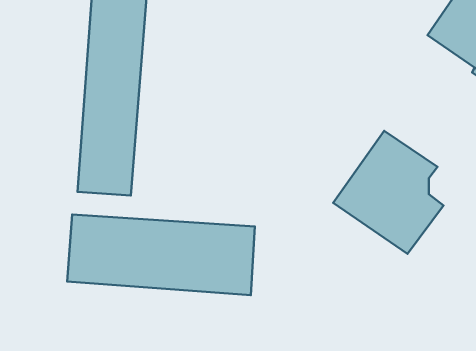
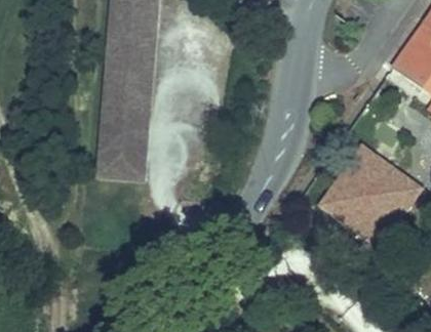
building: [67,215,255,295] -> none

